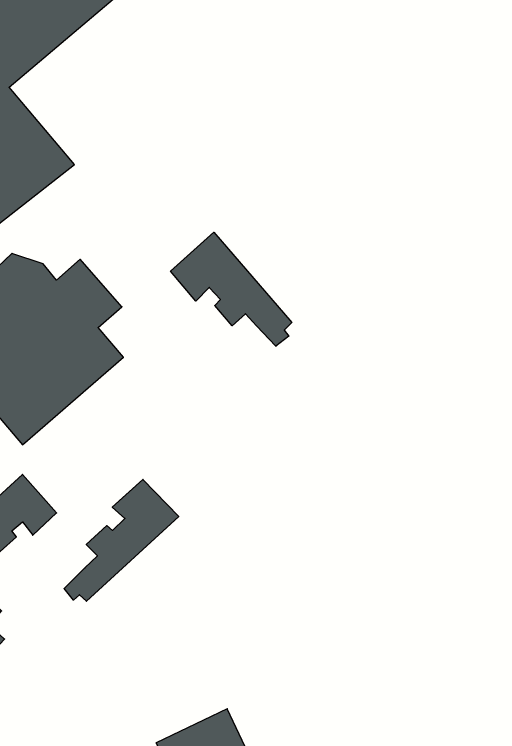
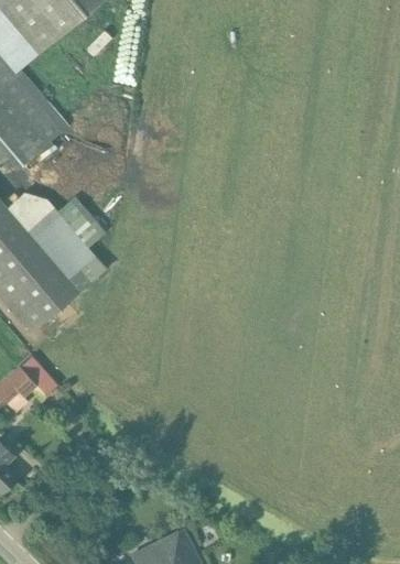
building: [171,232,292,346] -> none
building: [64,479,179,601] -> none

